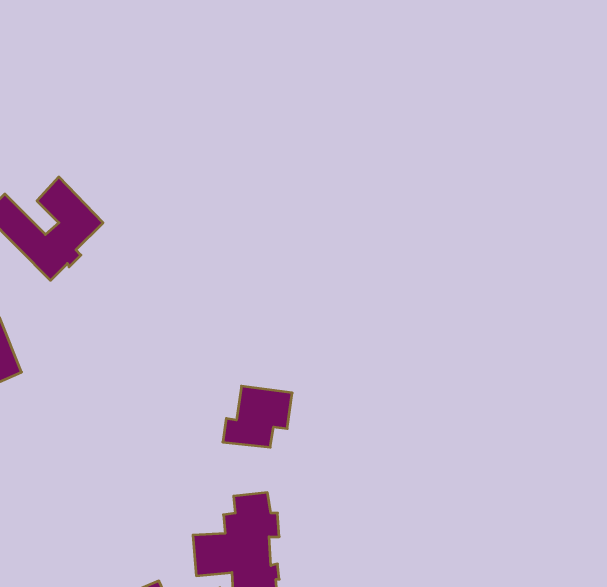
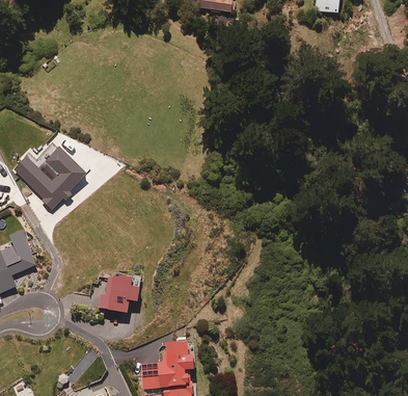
building: [223,386,292,447] -> [98,272,140,310]

